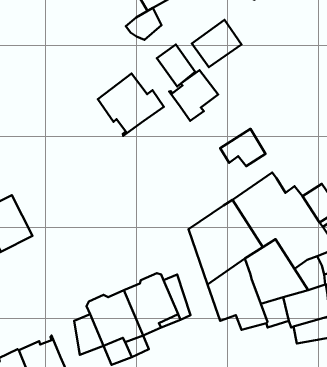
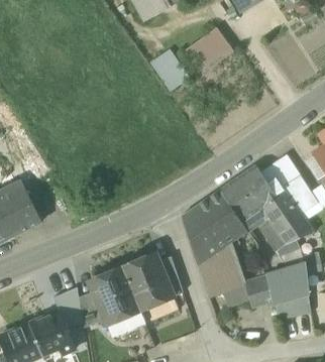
building: [126,8,161,40] -> none
building: [169,70,218,121] -> none
building: [98,73,164,136] -> none
building: [220,129,265,166] -> [259,152,300,186]
building: none -> [53,286,83,329]

